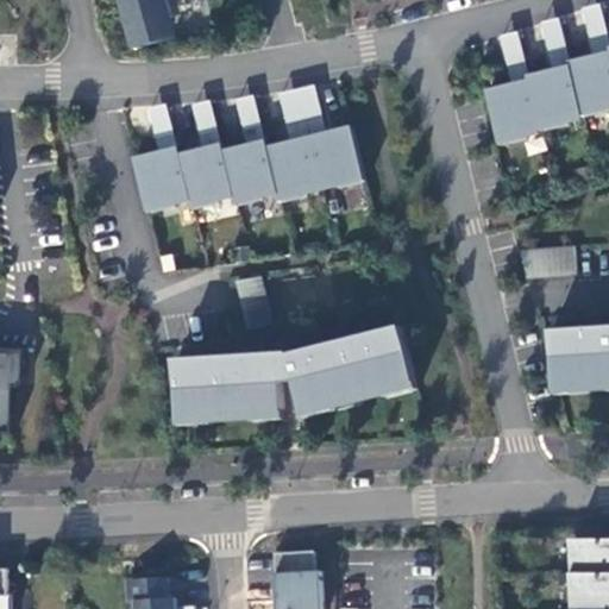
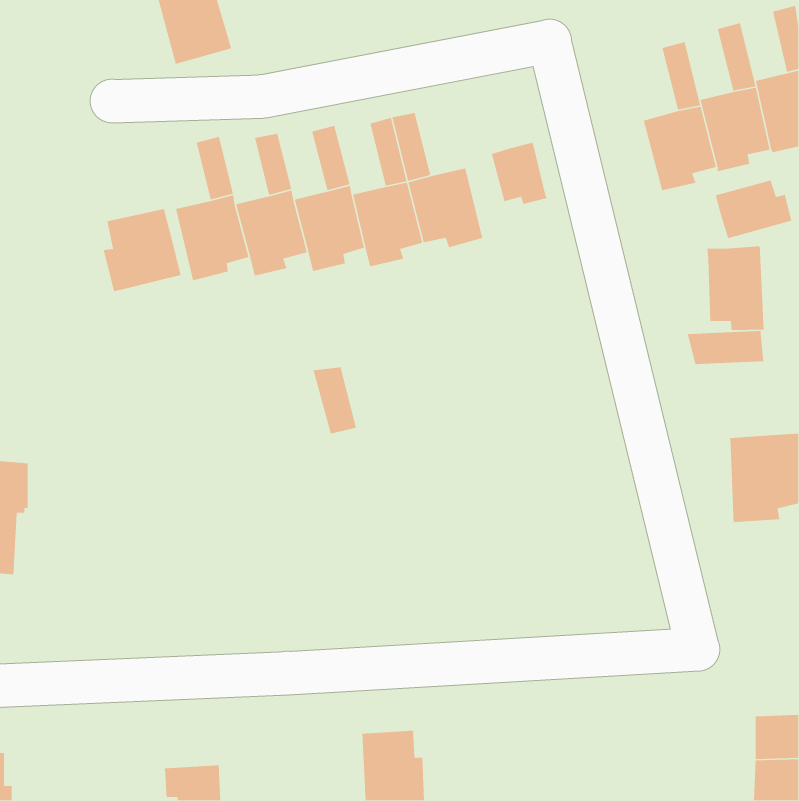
building: none -> [491,142,548,205]
building: none -> [715,180,792,239]
building: none -> [103,208,181,292]
building: none -> [707,246,765,331]
building: [293,326,416,416] -> none
building: [172,356,282,423] -> none

